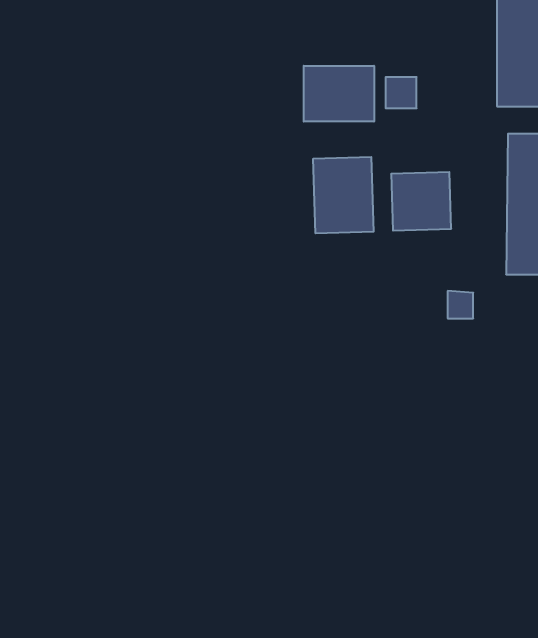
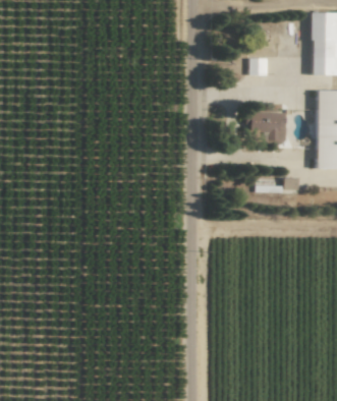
building: [304,66,374,122] -> none
building: [313,157,374,233] -> none

